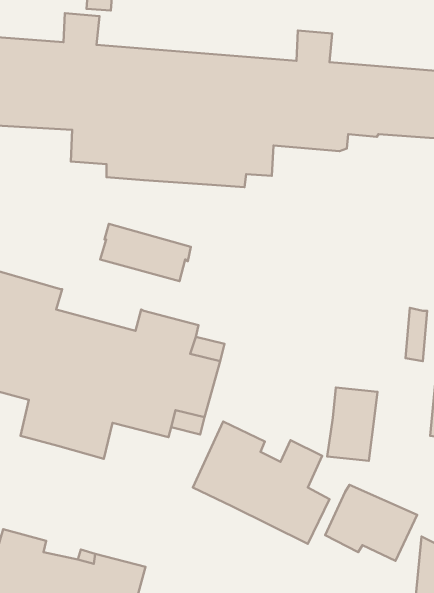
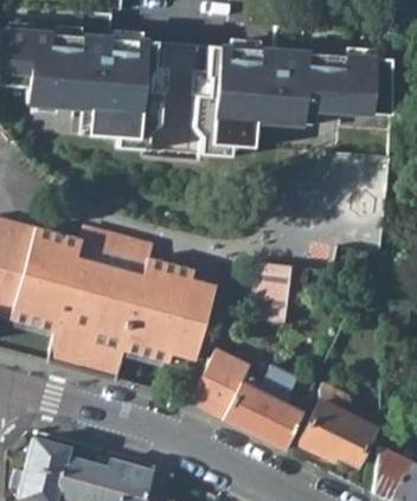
building: [100,224,191,281] -> [78,226,153,274]
building: [327,388,378,461] -> [251,261,293,321]

